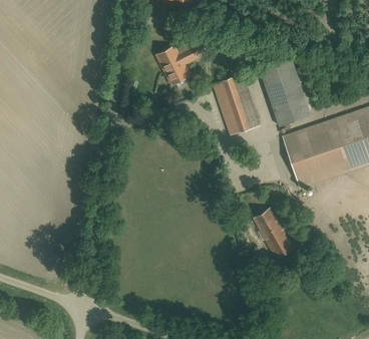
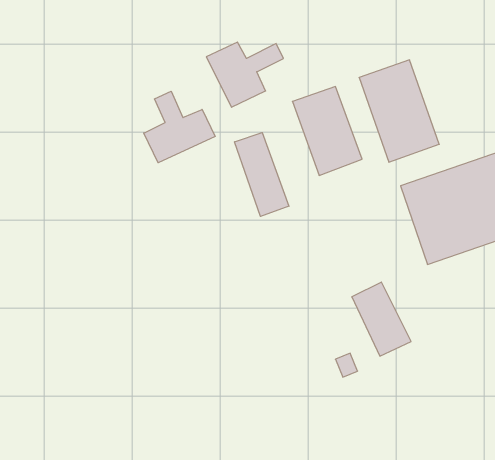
building: none -> [144,91,215,163]
building: none -> [235,133,289,216]

